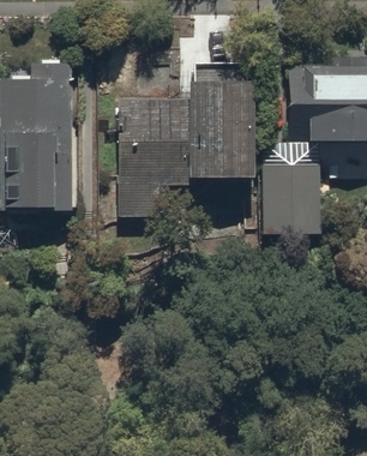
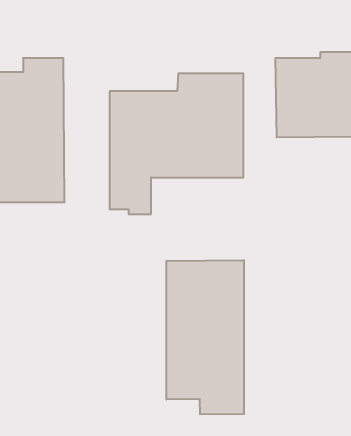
building: [261,163,319,233] -> none
building: none -> [166,260,244,414]

